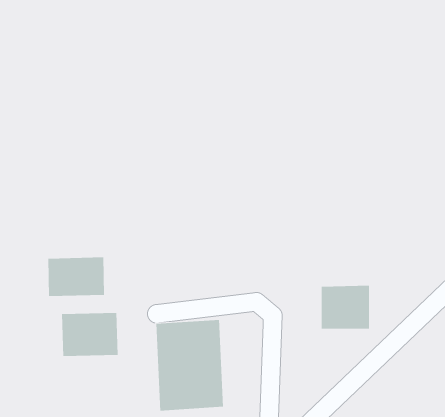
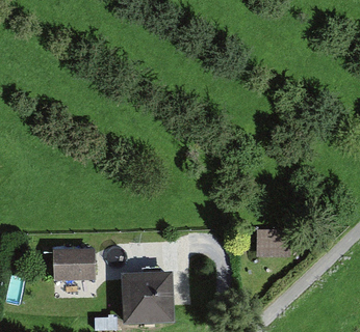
building: [48,257,104,297] -> none

